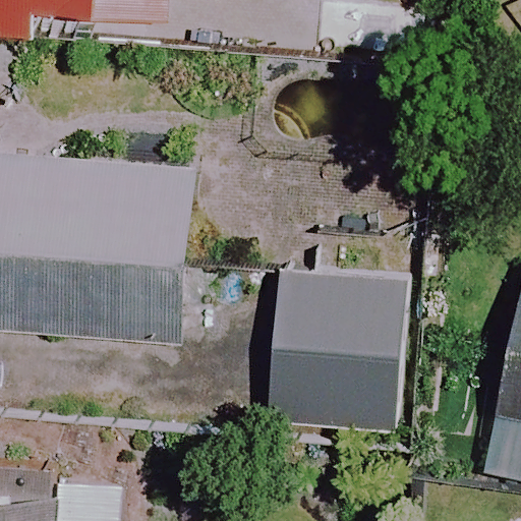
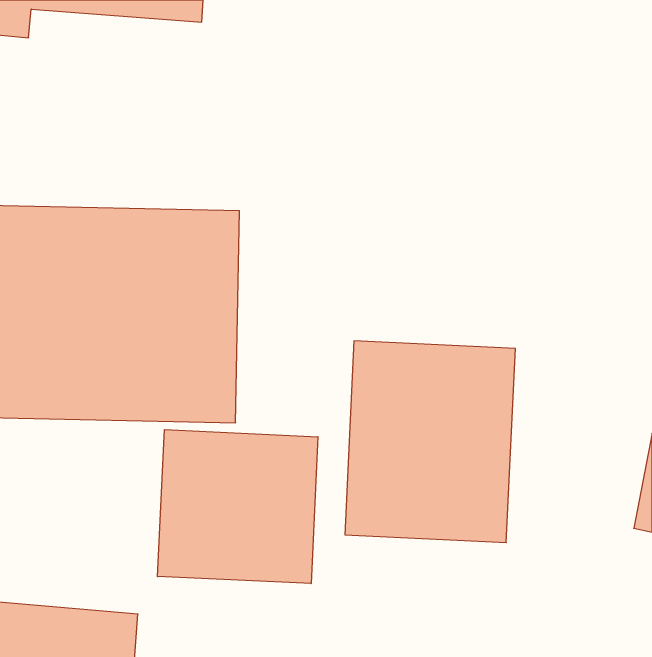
building: none -> [157,430,318,584]

